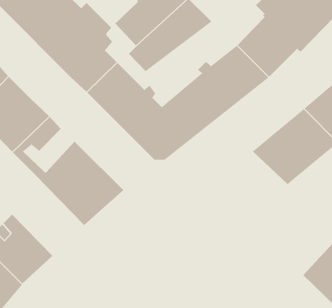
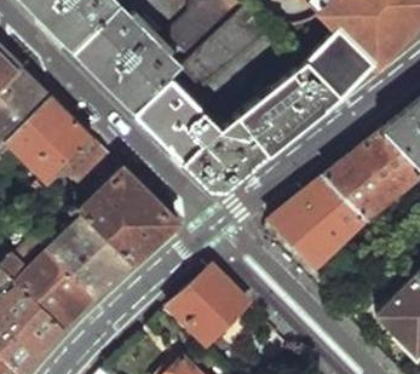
building: none -> [267,179,364,269]
building: none -> [48,206,132,297]
building: none -> [166,269,247,345]

